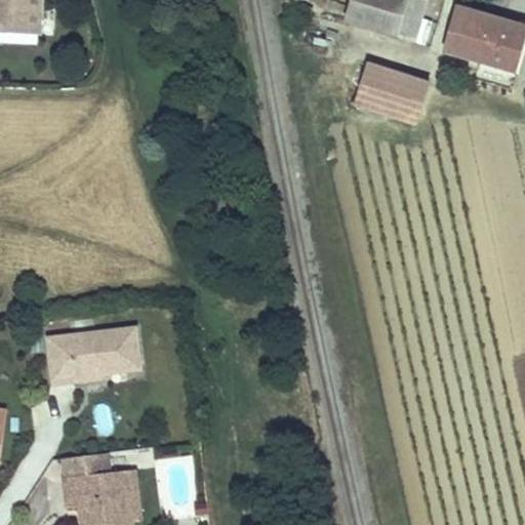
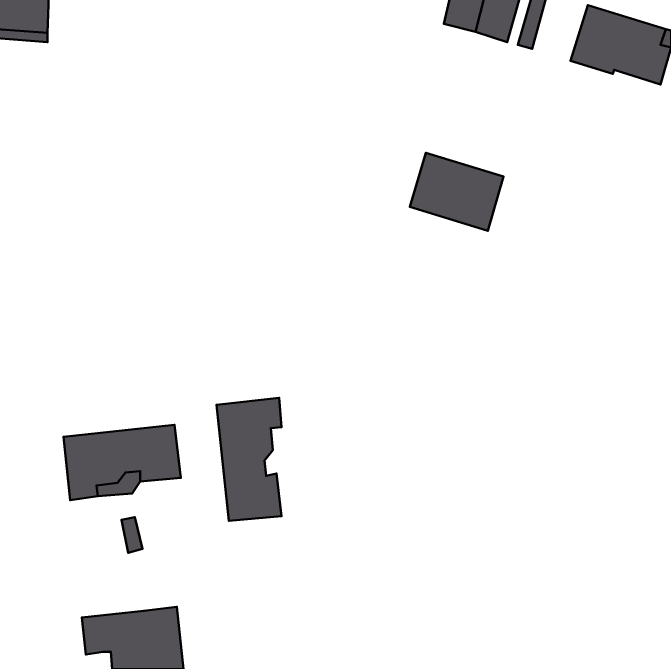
building: [350,59,422,120] -> [410,153,504,231]
building: none -> [216,398,282,521]
building: [62,452,112,480] -> none

